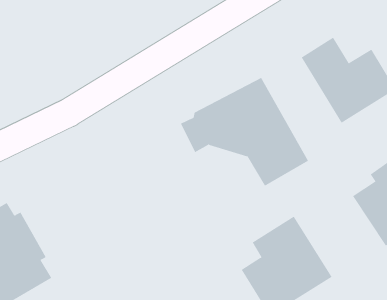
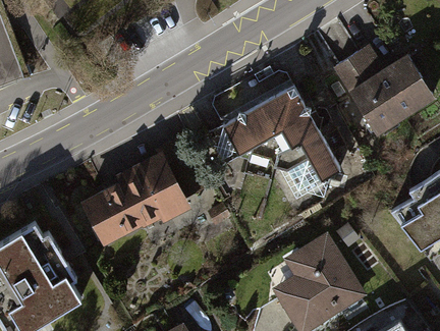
building: none -> [82,154,188,245]

